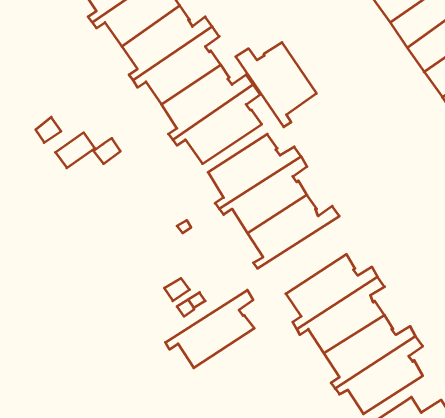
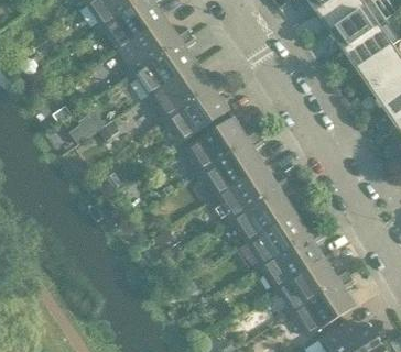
building: [236,42,316,127] -> none
building: [165,290,254,368] -> [226,180,295,241]

